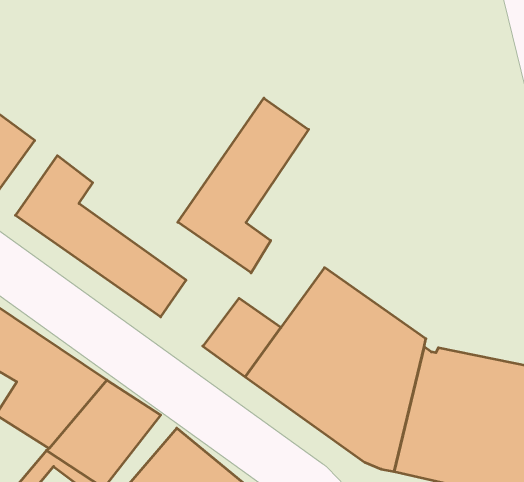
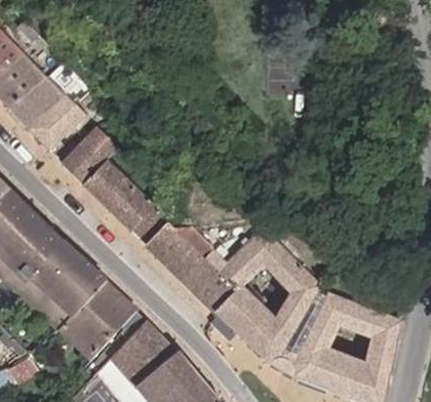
building: [178,98,309,273] -> none
building: none -> [150,225,203,270]

